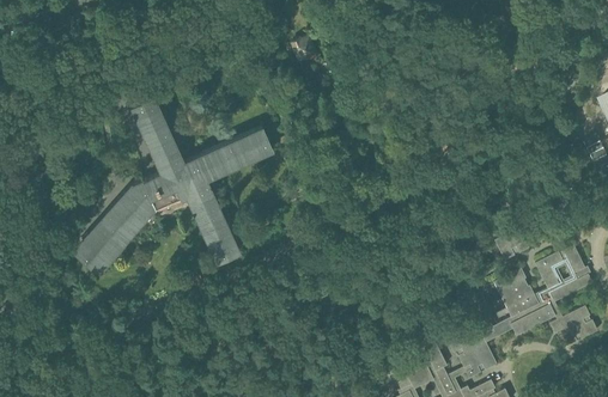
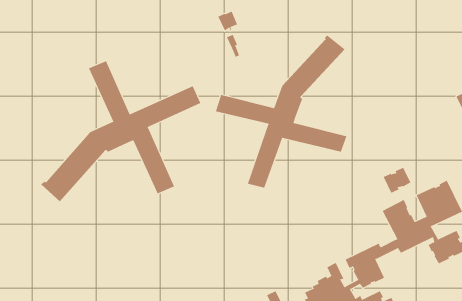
building: none -> [215,35,347,188]

